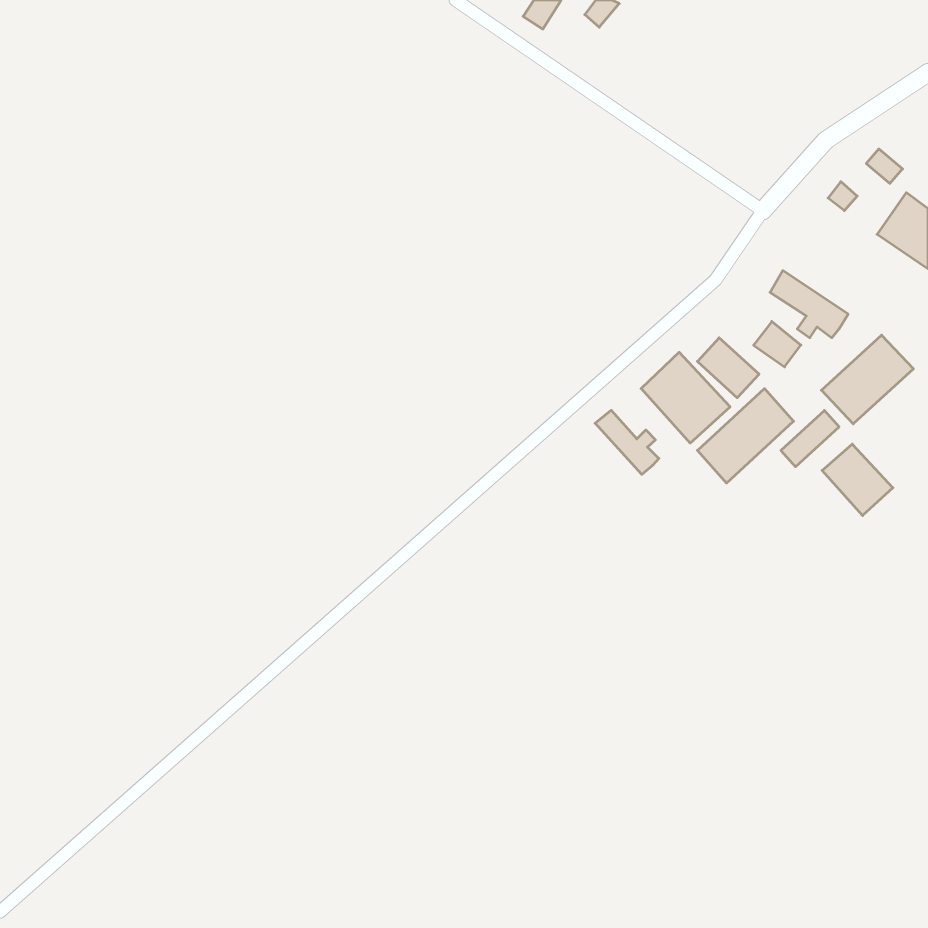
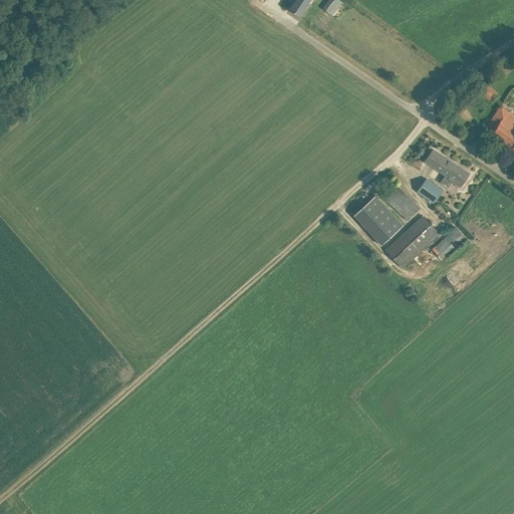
building: [821,335,913,424] -> none
building: [595,410,659,474] -> none
building: [822,444,893,516] -> none

